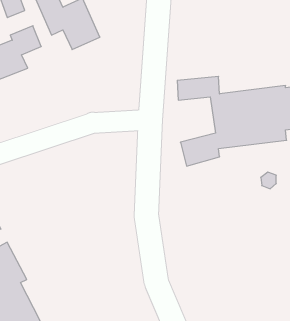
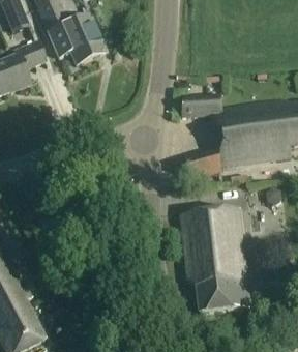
building: none -> [179,207,250,312]

